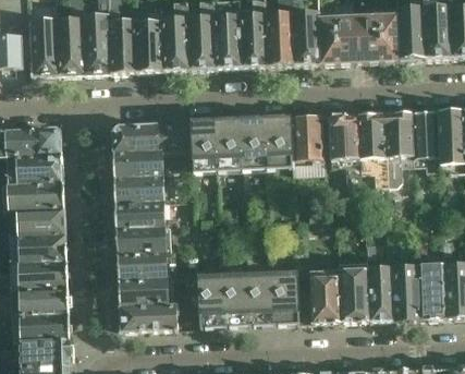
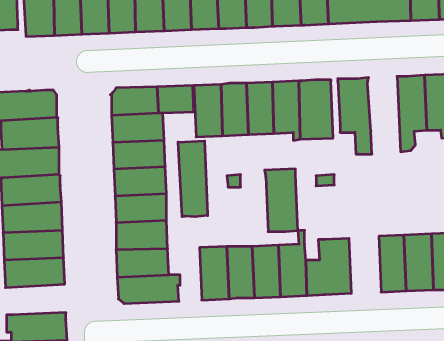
building: [357,112,389,184] -> none
building: none -> [178,141,208,217]
building: [339,260,370,319] -> [265,169,298,232]
building: [12,311,70,340] -> none

